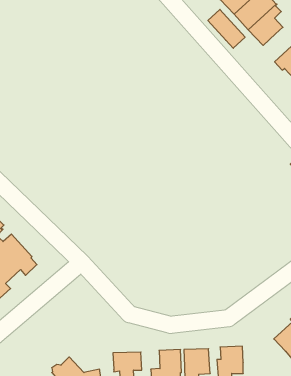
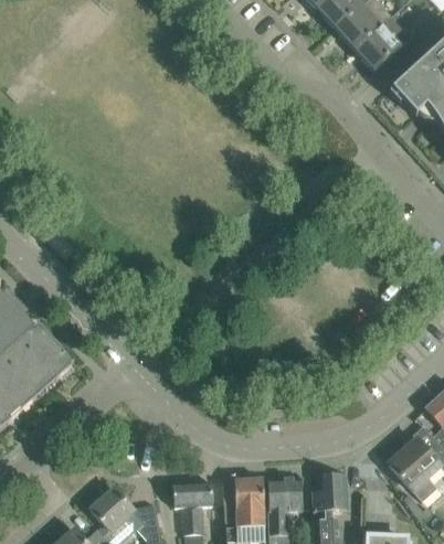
building: [208,9,245,48] -> none

